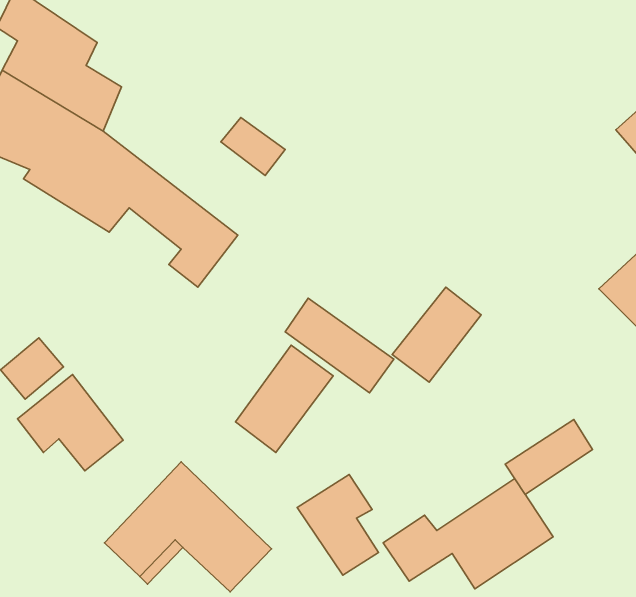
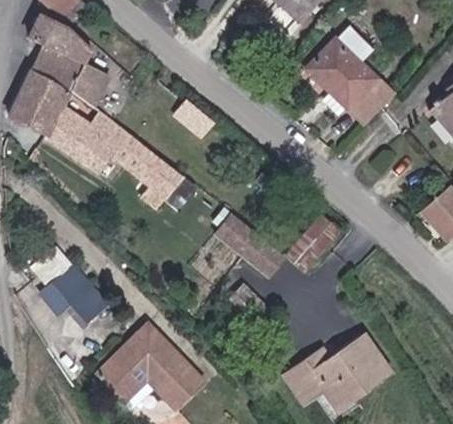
building: none -> [311,28,391,119]
building: [235,345,333,453] -> none
building: [505,420,593,494] -> none
building: [297,475,379,575] -> none

